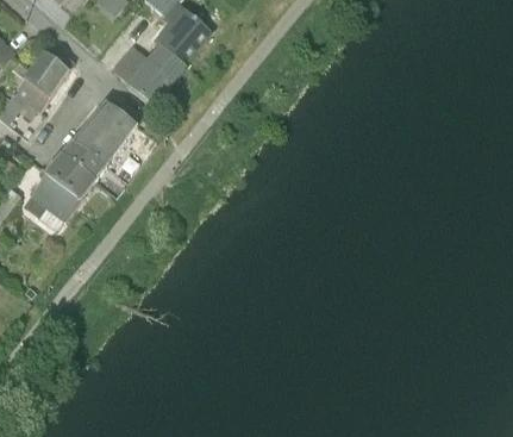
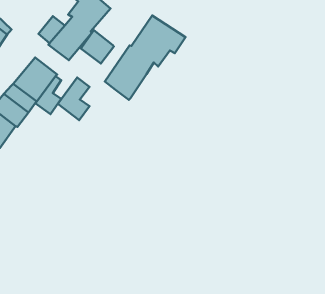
building: none -> [105,16,185,100]
building: none -> [81,30,114,64]
building: none -> [58,78,90,120]

